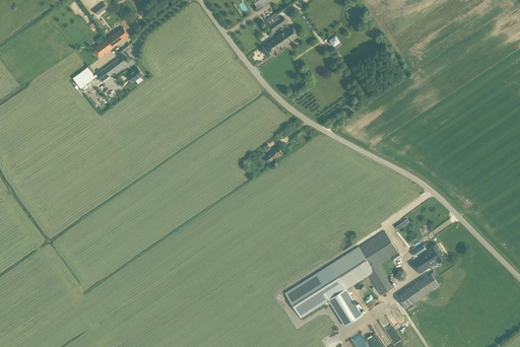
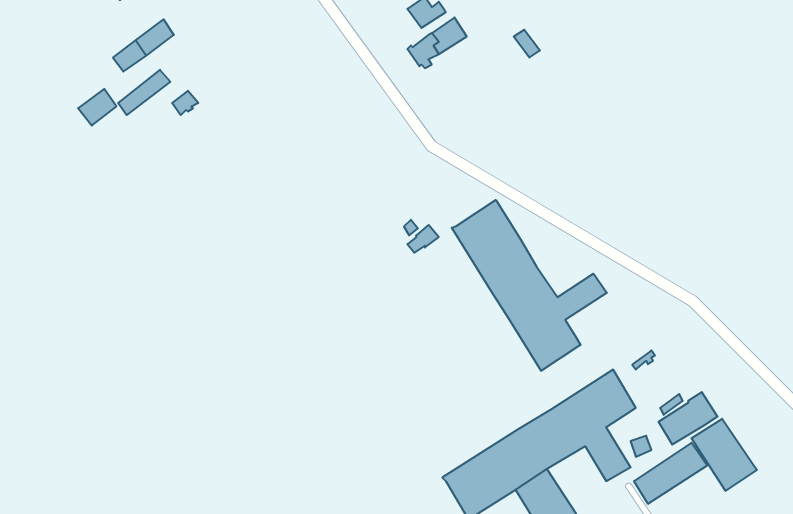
building: none -> [452,200,607,371]
building: none -> [691,419,757,491]

